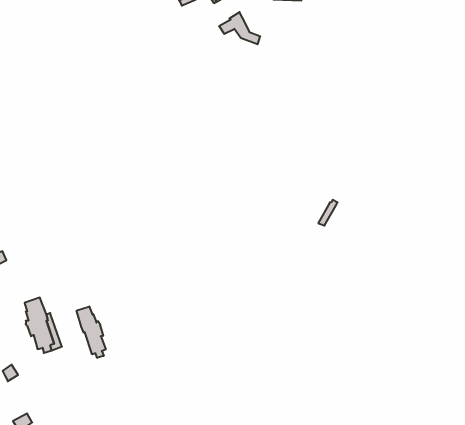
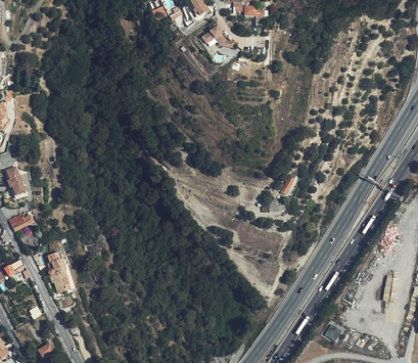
building: [77,306,106,358] -> none

